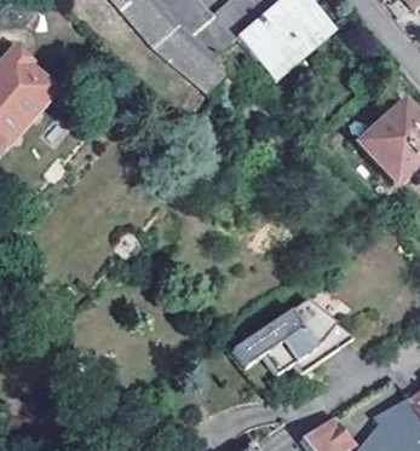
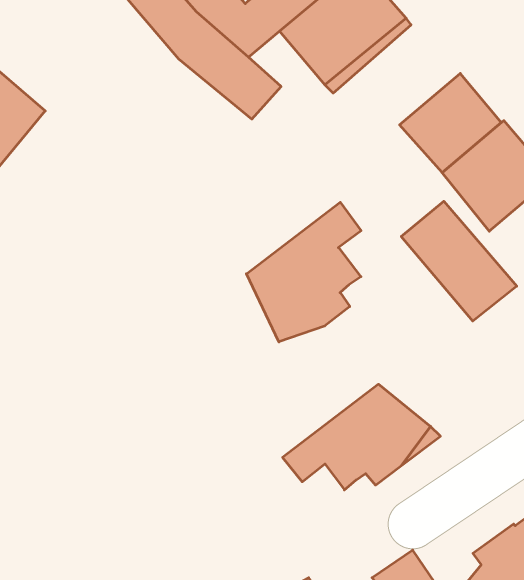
building: none -> [400,73,501,172]
building: none -> [401,201,517,321]
building: none -> [246,202,361,342]

